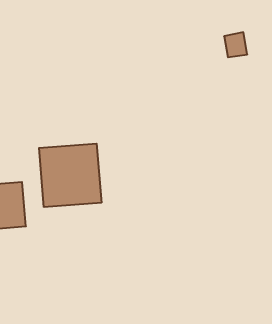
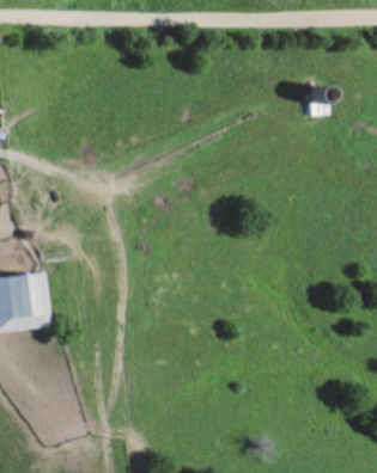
building: [39,144,101,207] -> none

